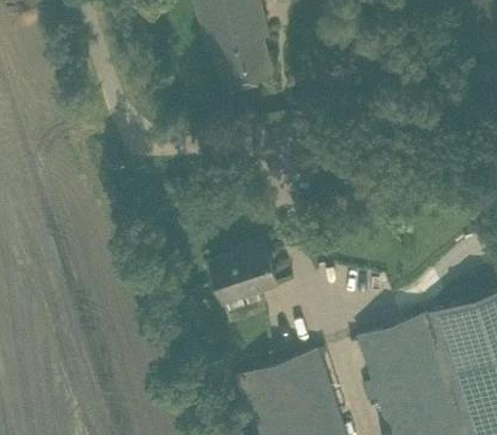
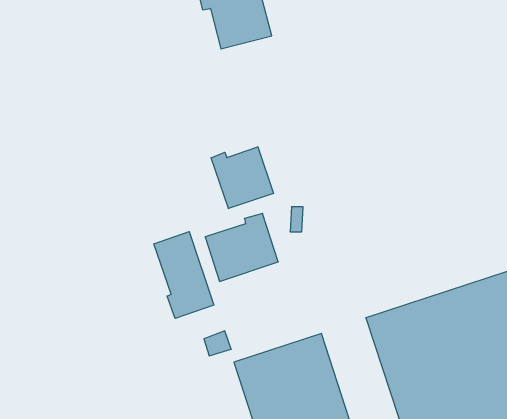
building: none -> [211,147,274,209]
building: none -> [154,232,214,318]

